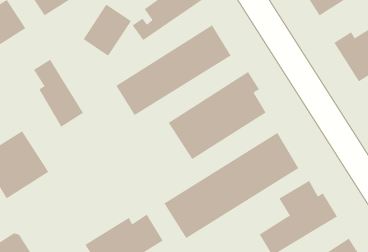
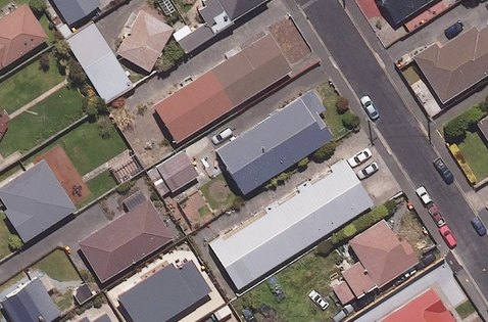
building: [33,59,84,127] -> [72,21,133,103]
building: none -> [147,151,199,197]
building: none -> [78,199,173,281]

